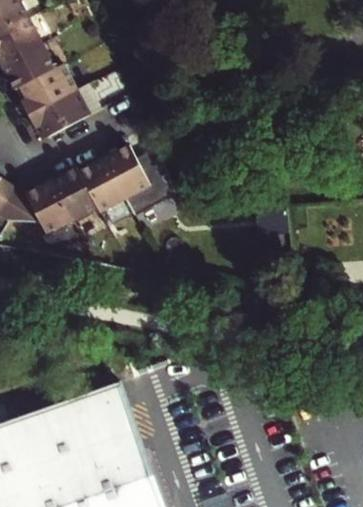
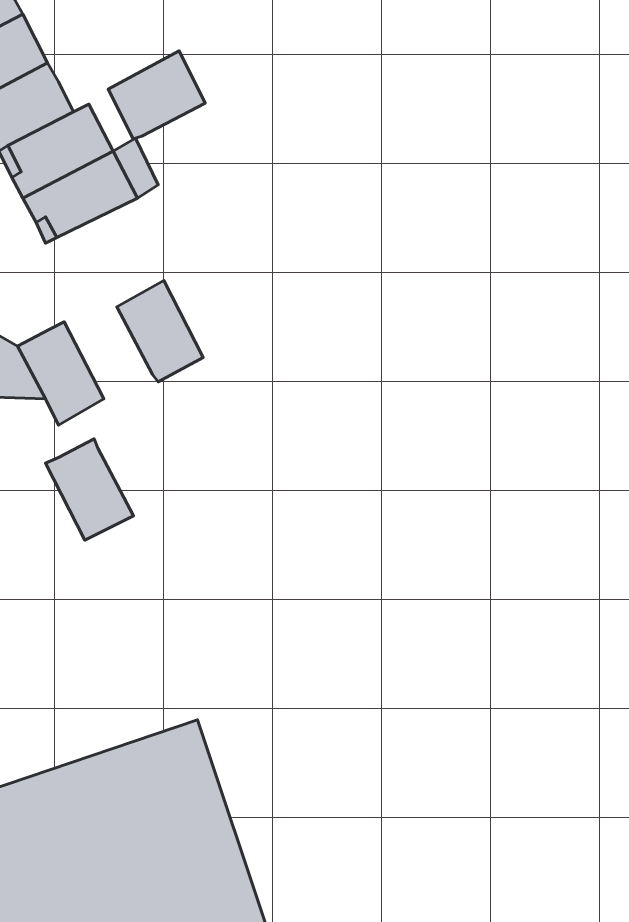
building: none -> [108,51,205,139]
building: [106,147,153,201] -> none
building: [53,169,100,223] -> [45,439,134,540]

